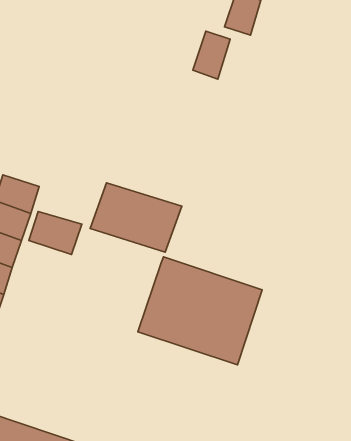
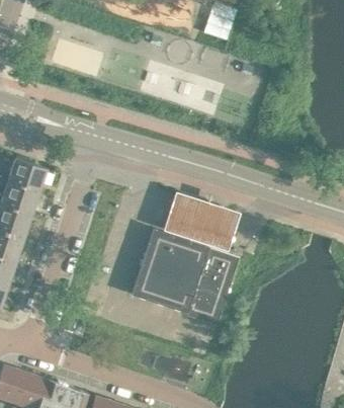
building: [193,31,230,79] -> none
building: [90,183,182,252] -> [162,190,241,250]
building: [29,212,82,254] -> none

